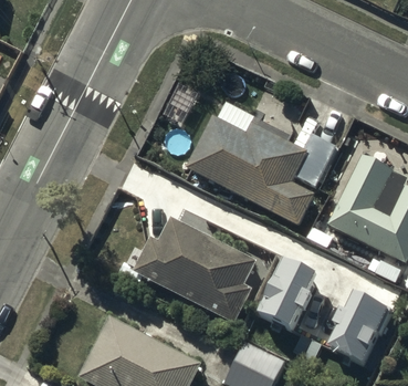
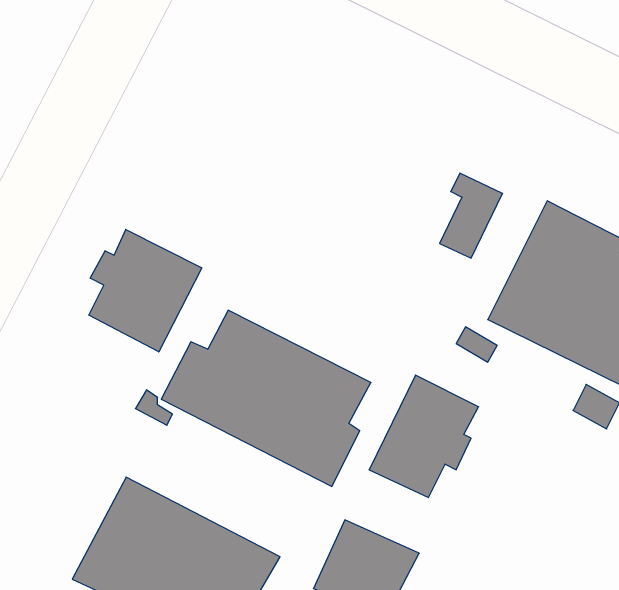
building: [184,114,314,226] -> none
building: none -> [89,229,202,352]
building: [327,290,387,362] -> none

